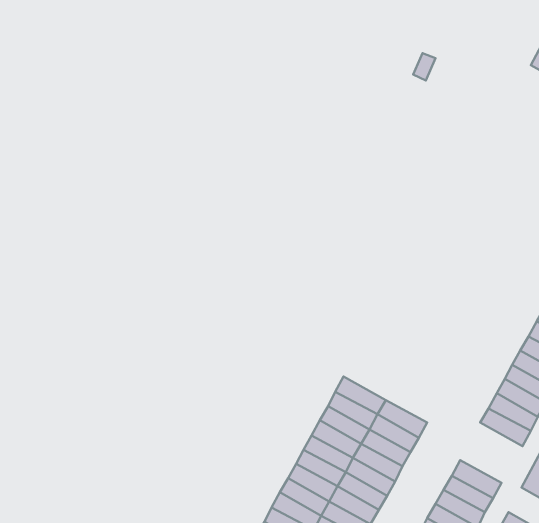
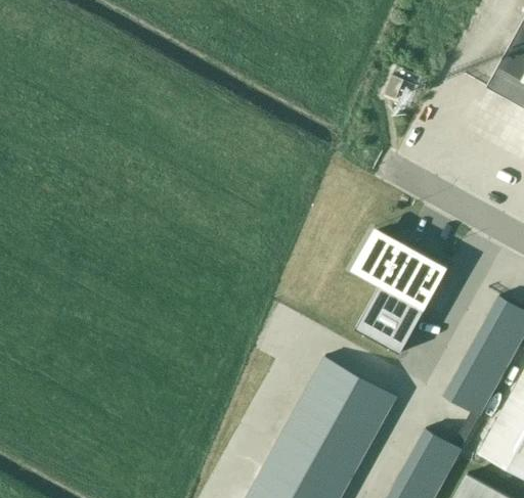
building: none -> [349,234,447,356]

